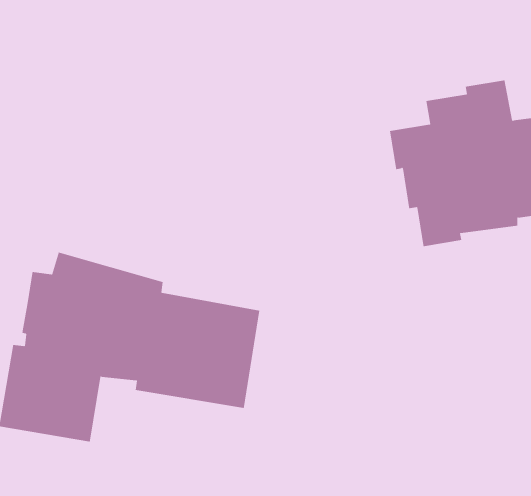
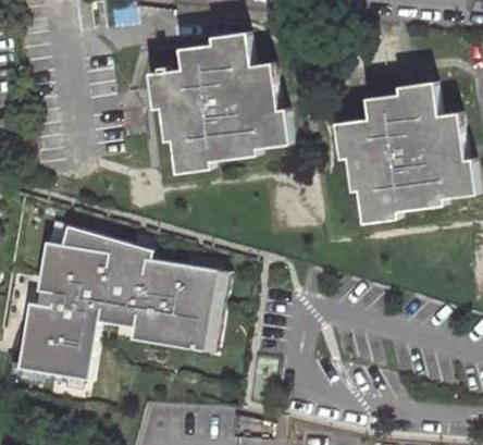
building: none -> [149,33,289,171]

